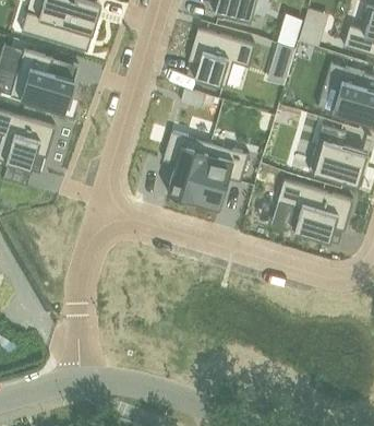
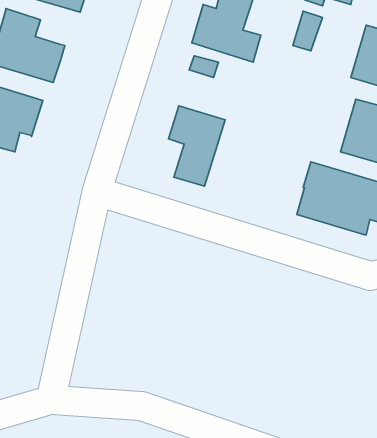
building: [193,143,249,209] -> none

